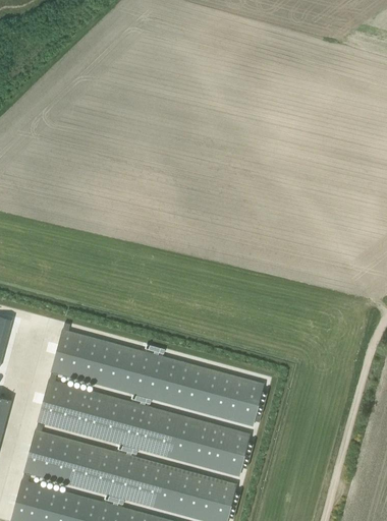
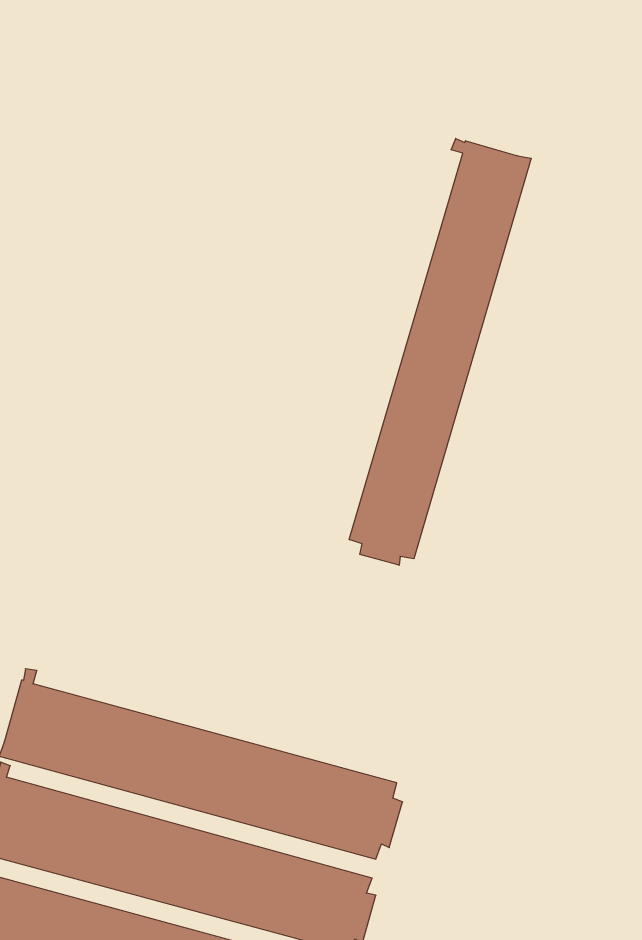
building: none -> [349,138,531,565]
building: [52,323,268,425] -> none

